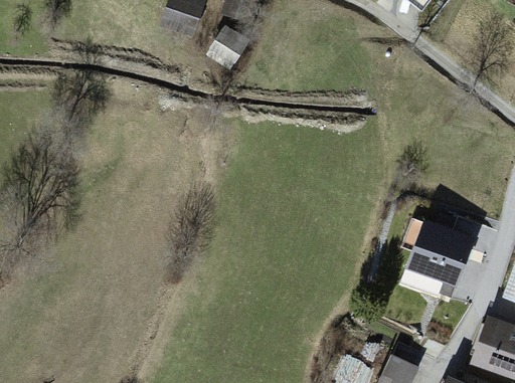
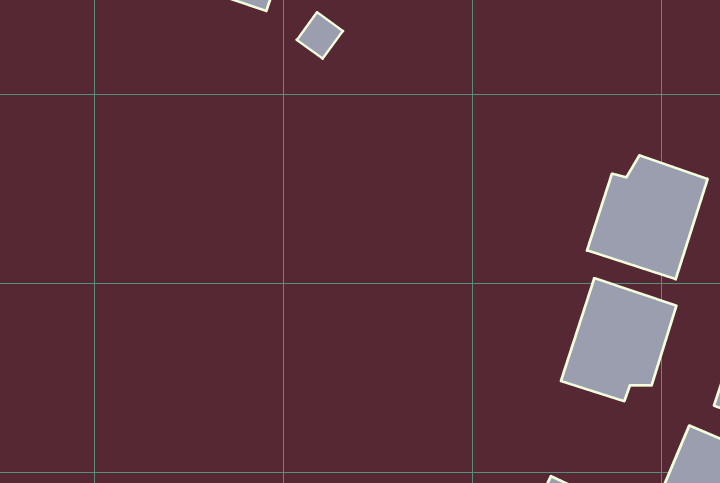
building: none -> [587,155,707,279]

